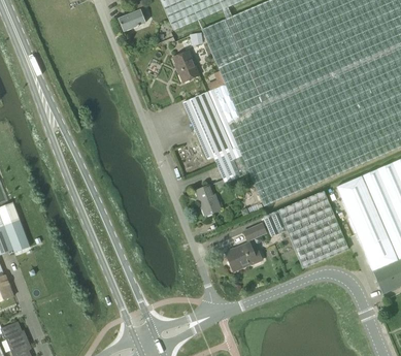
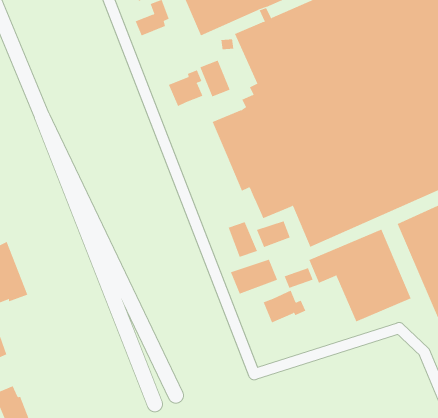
building: none -> [168,69,203,107]
building: none -> [256,220,290,248]
building: none -> [230,259,278,295]

